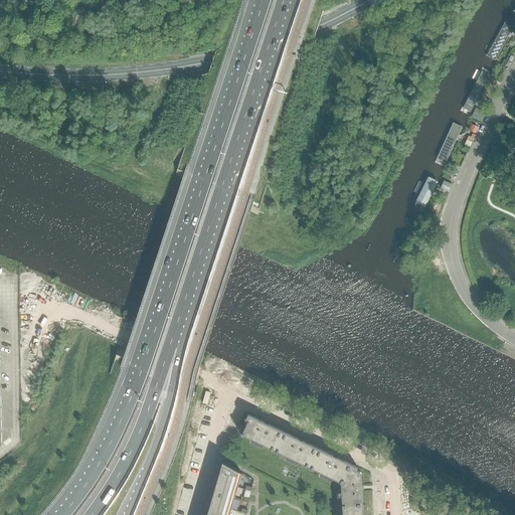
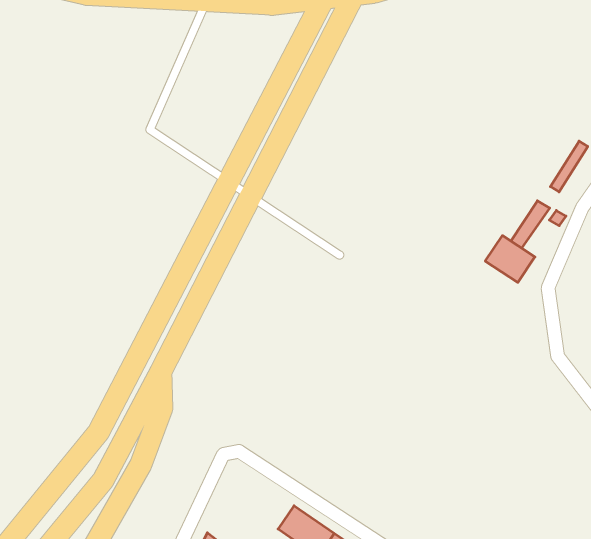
building: none -> [485,236,535,282]
building: [240,414,283,451] -> none

